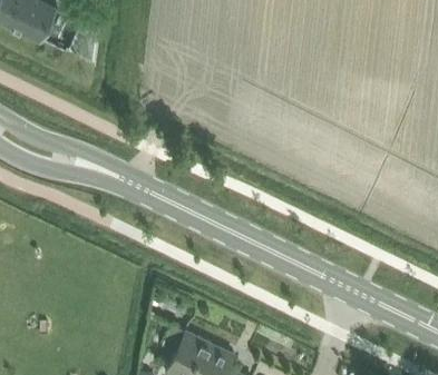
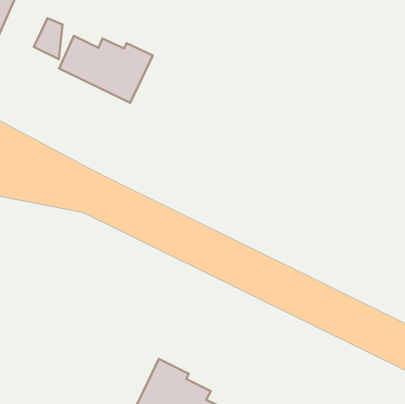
building: none -> [59,36,153,103]

